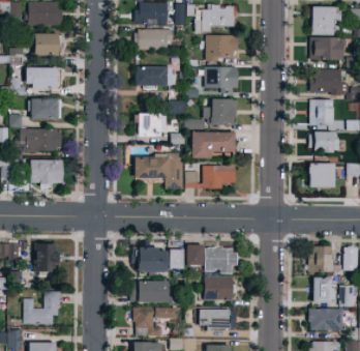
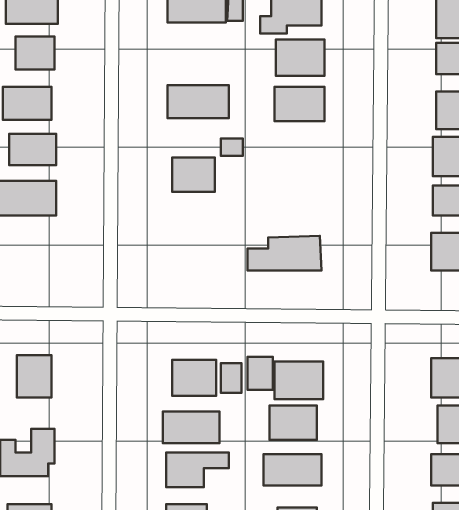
building: [134,29,169,49] -> none
building: [205,98,237,124] -> none
building: [192,131,236,157] -> none
building: [134,154,183,187] -> none
building: [30,159,62,183] -> none

